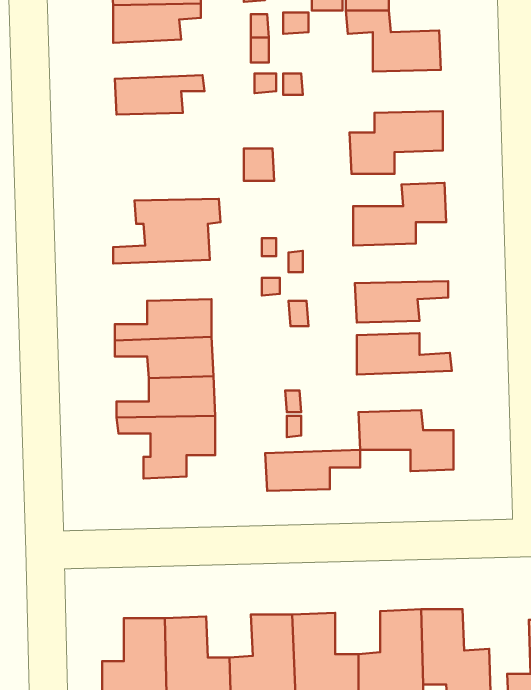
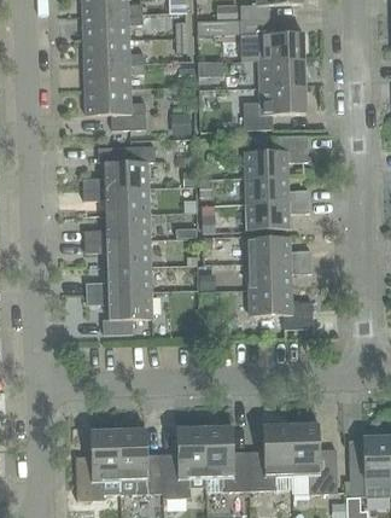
building: none -> [82,39,142,65]
building: none -> [257,59,304,88]
building: none -> [84,88,145,130]
building: none -> [244,176,308,203]
building: none -> [82,187,148,215]
building: [265,450,360,491] -> [246,262,310,290]

